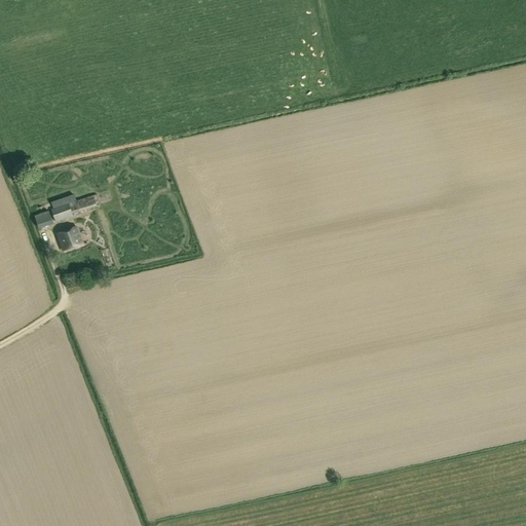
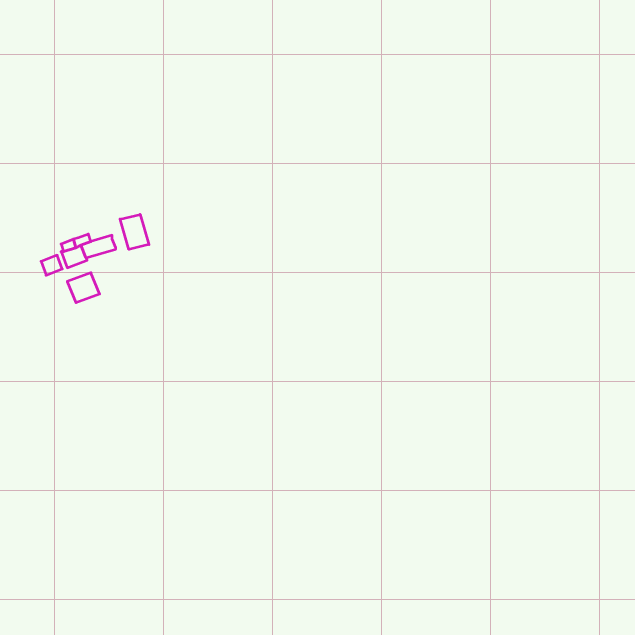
building: none -> [120,214,149,249]

